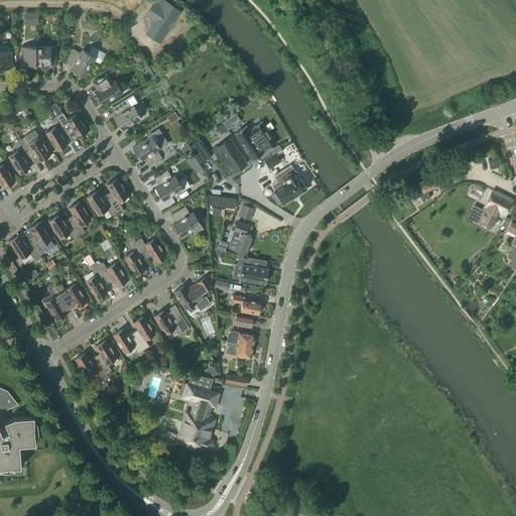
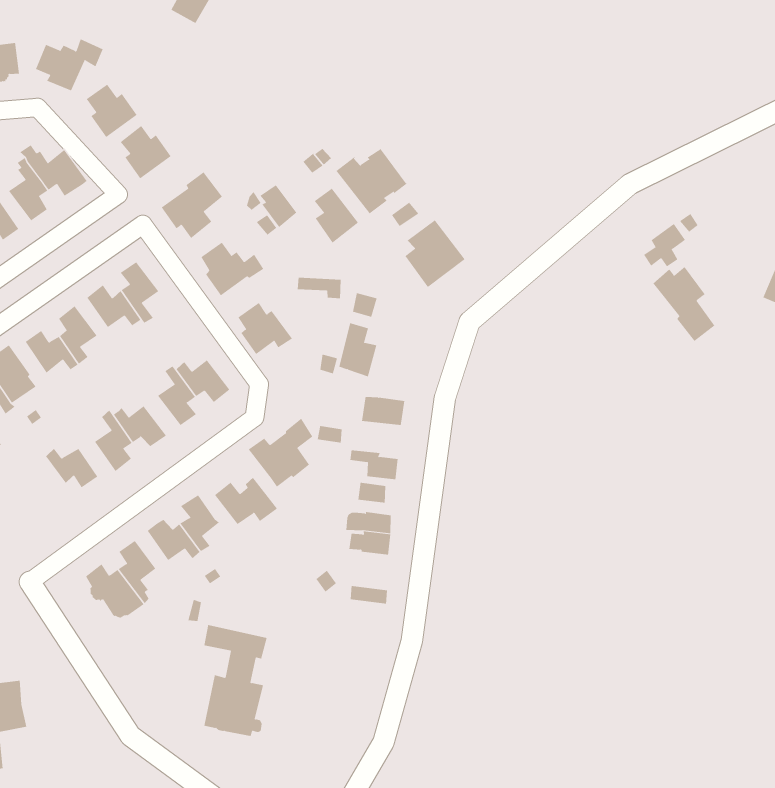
building: none -> [653,266,715,342]
building: [42,284,67,320] -> none
building: [176,383,217,449] -> [204,624,268,737]

